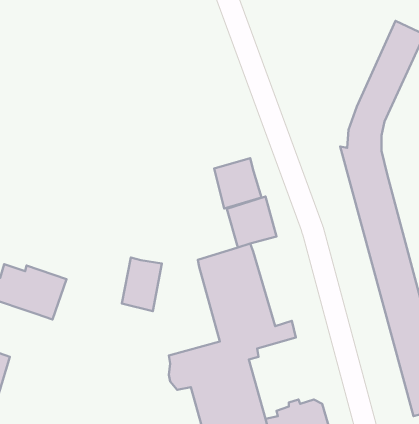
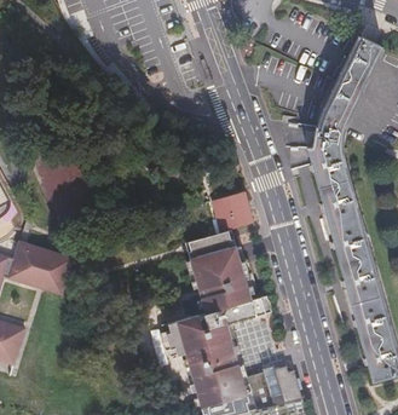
building: [214,158,261,209] -> none
building: [122,257,162,311] -> none

